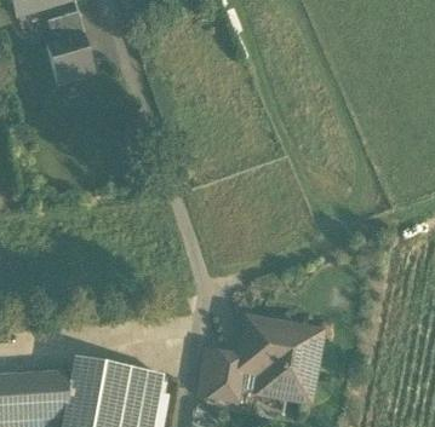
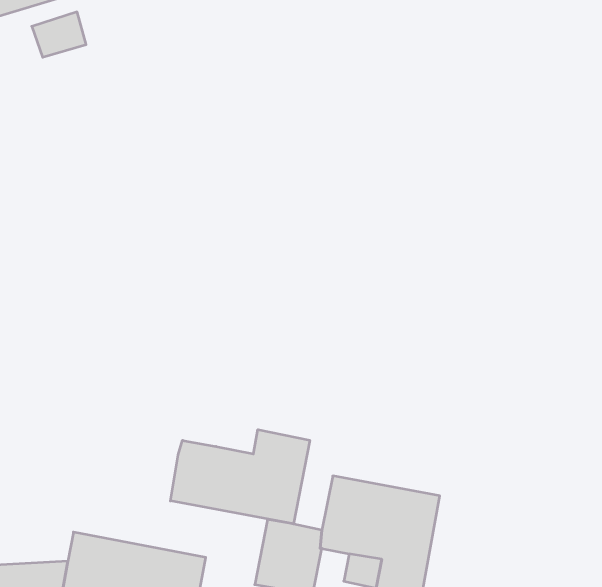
building: [47,31,95,80] -> none
building: none -> [170,430,310,524]

